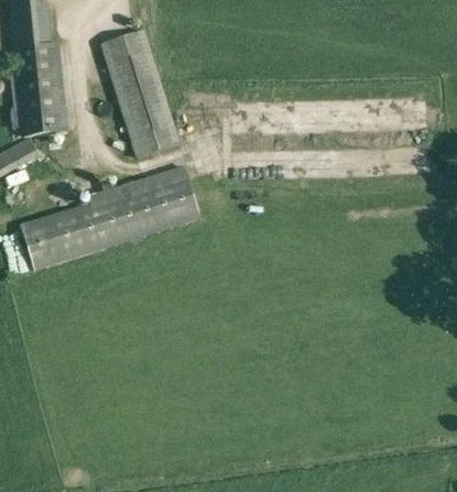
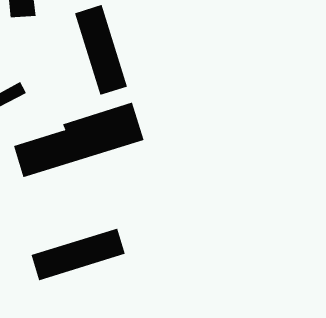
building: [15,46,66,135] -> none
building: none -> [31,228,126,281]

